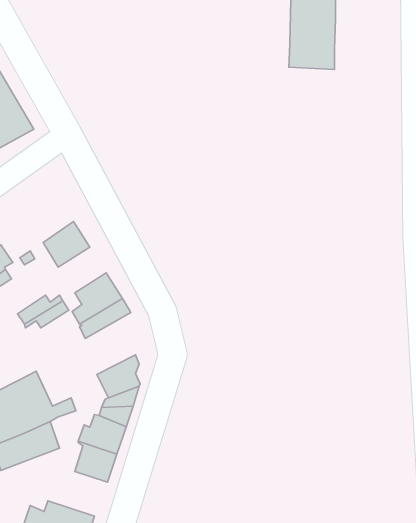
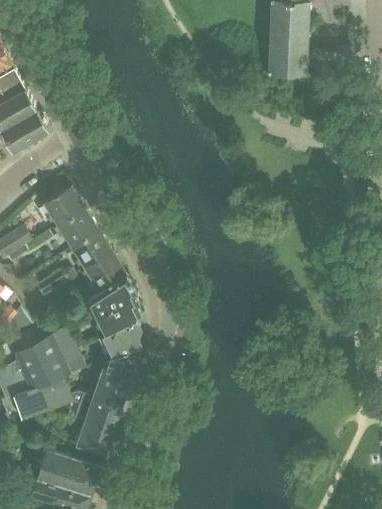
building: none -> [44,185,84,224]
building: none -> [71,228,112,267]
building: none -> [94,284,141,336]
building: none -> [77,420,113,454]

